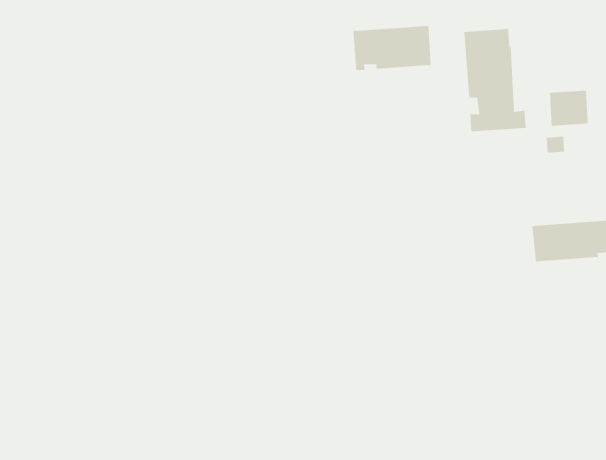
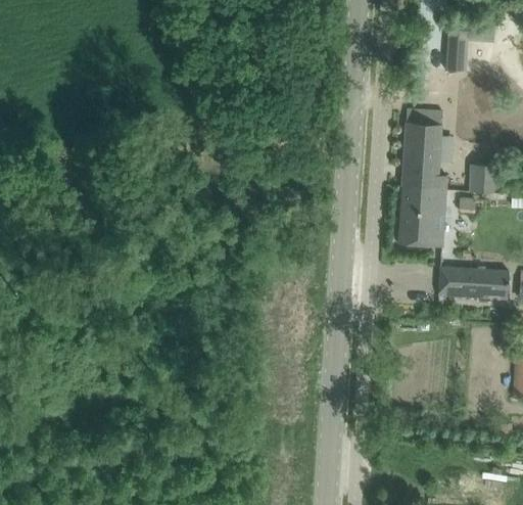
building: [353,25,431,71] -> none
building: none -> [399,187,446,247]

